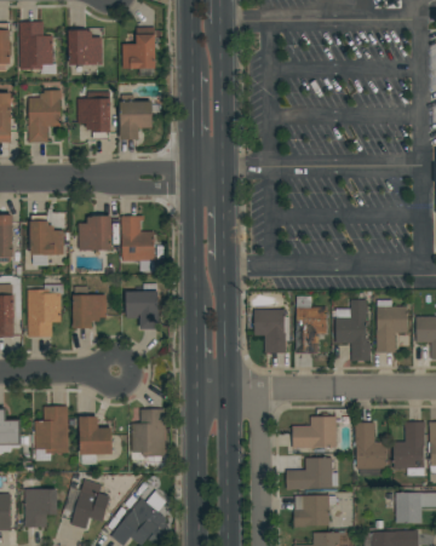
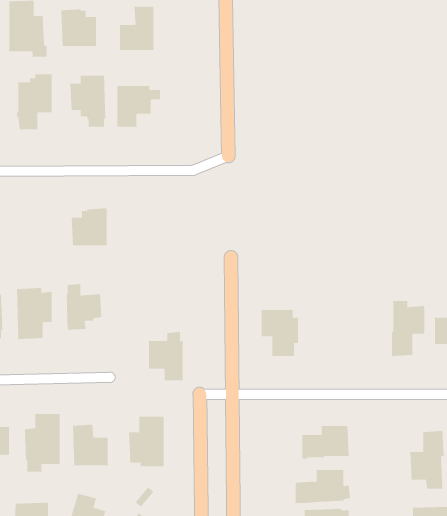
building: [30,215,64,266] -> none
building: [121,217,154,271] -> none
building: [126,283,159,329] -> [148,332,183,381]
building: [296,297,327,354] -> none
building: [335,300,371,362] -> none
building: [355,423,386,470] -> none

